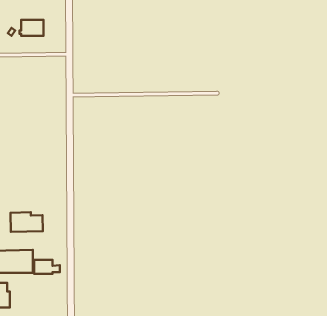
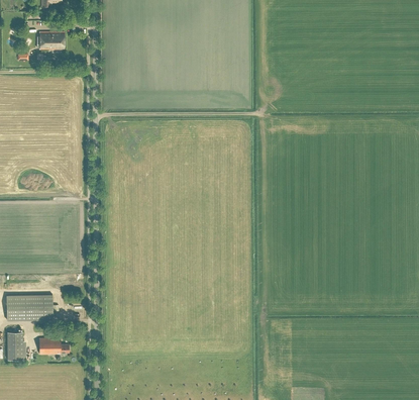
building: [10,212,43,232] -> none
building: [34,260,60,274] -> [39,338,69,355]

